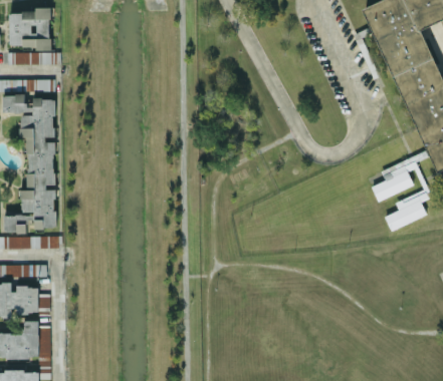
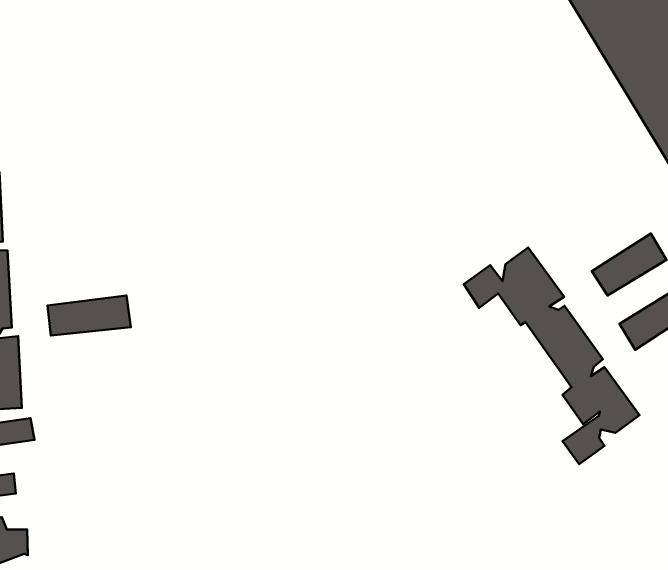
building: none -> [464,248,639,464]
building: none -> [48,296,131,335]

